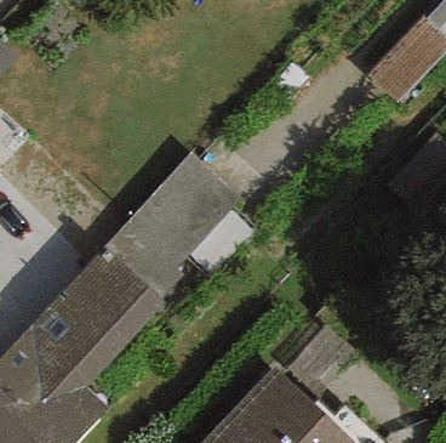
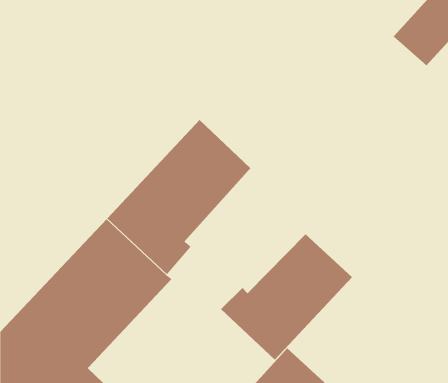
building: none -> [220,234,353,360]

